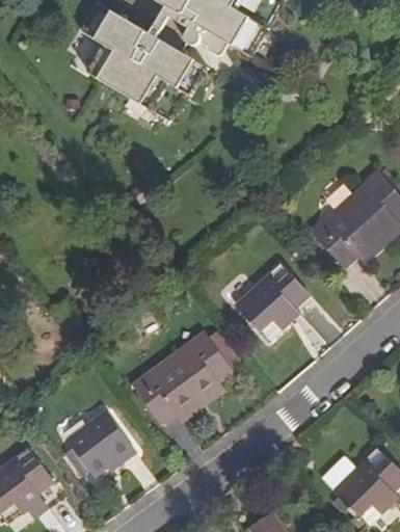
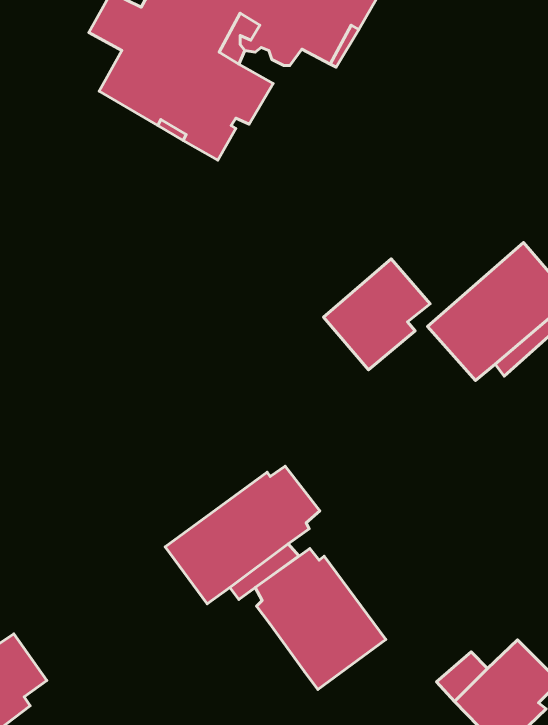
building: [235,264,309,341] -> [324,259,430,370]
building: none -> [255,548,386,689]
building: [65,407,133,473] -> none

